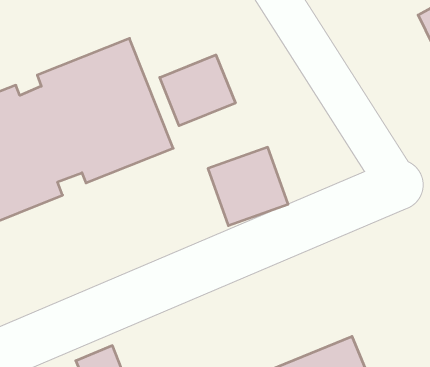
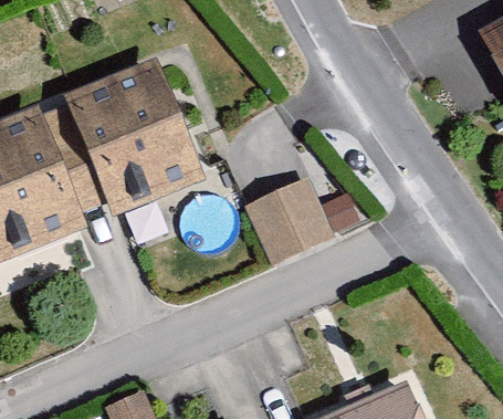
building: [160,55,235,126] -> none

